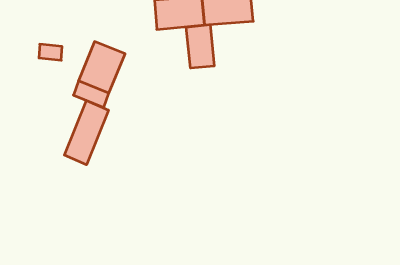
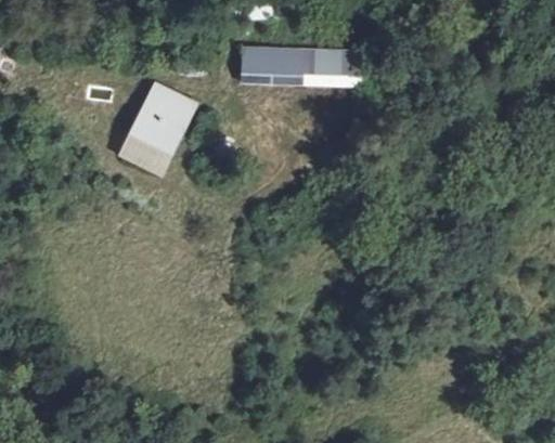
building: [186,25,214,68] -> none
building: [64,100,108,165] -> none

